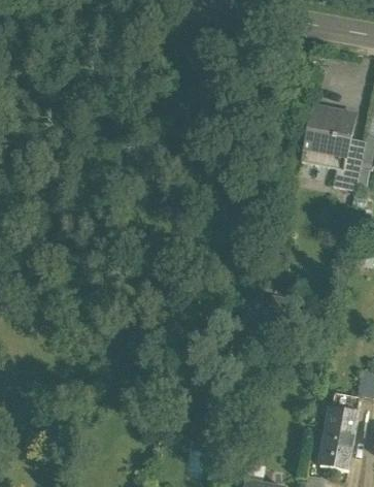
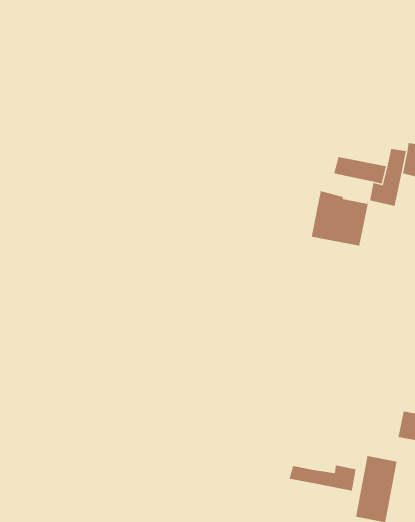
building: [305,104,356,154] -> [311,190,369,247]
building: none -> [288,464,356,491]

